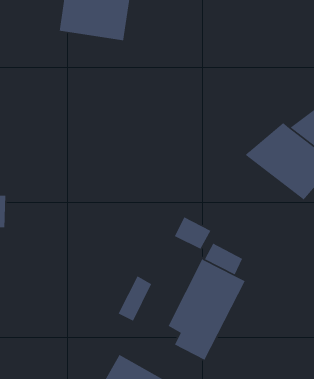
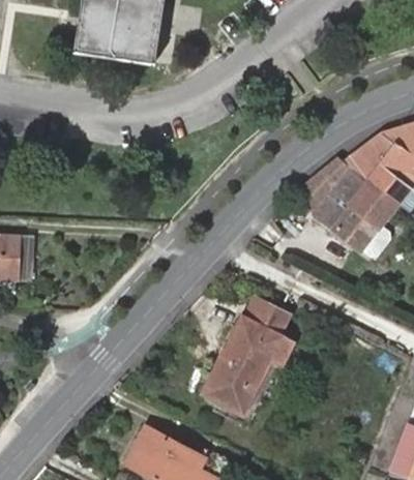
building: [174,216,212,250] -> none
building: [117,275,152,322] -> none

